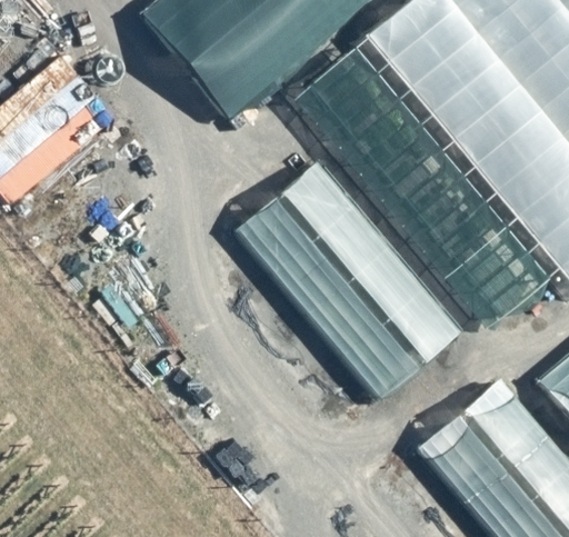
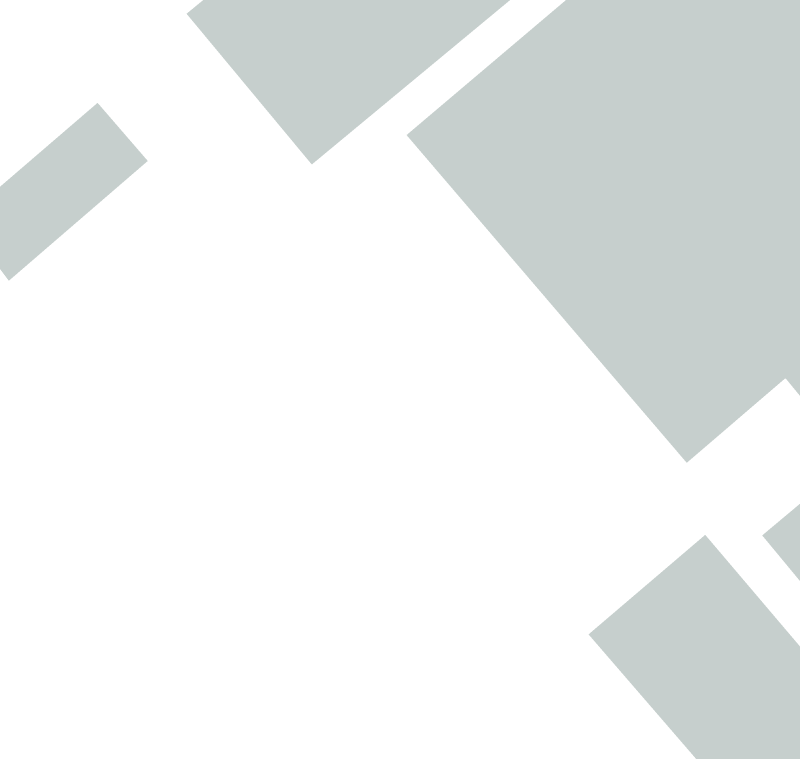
building: [239,162,461,398] -> none

